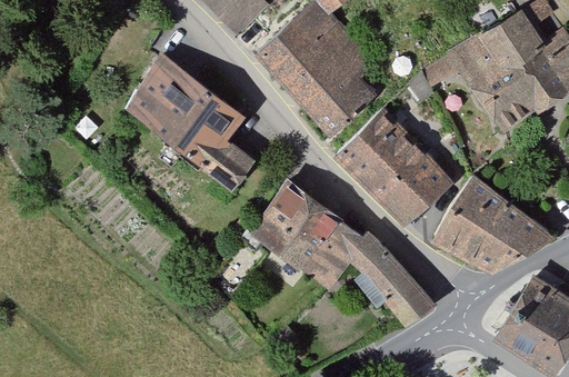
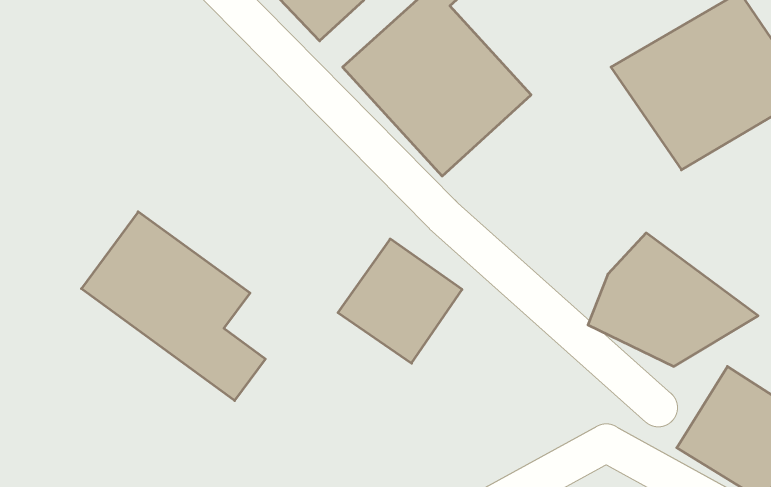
building: [122,53,256,190] -> [81,212,265,401]
building: [335,109,452,225] -> none
building: [305,217,431,324] -> none

